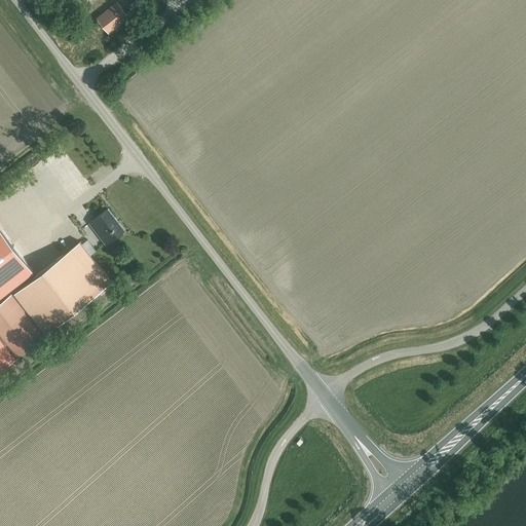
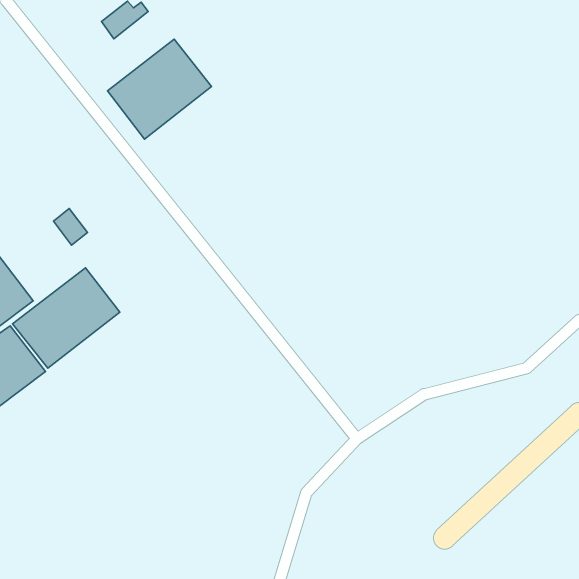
building: none -> [107,39,211,139]
building: [90,212,121,245] -> [53,209,88,245]

